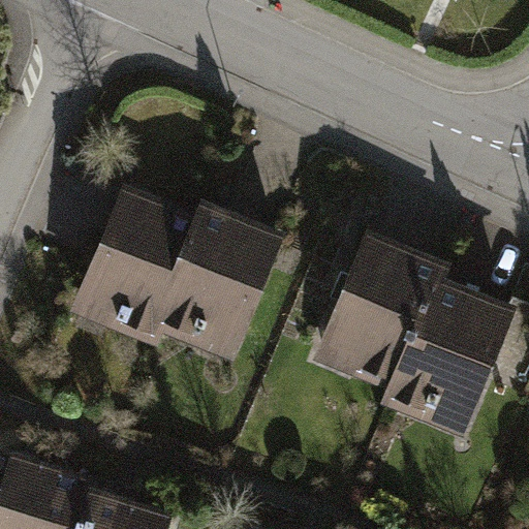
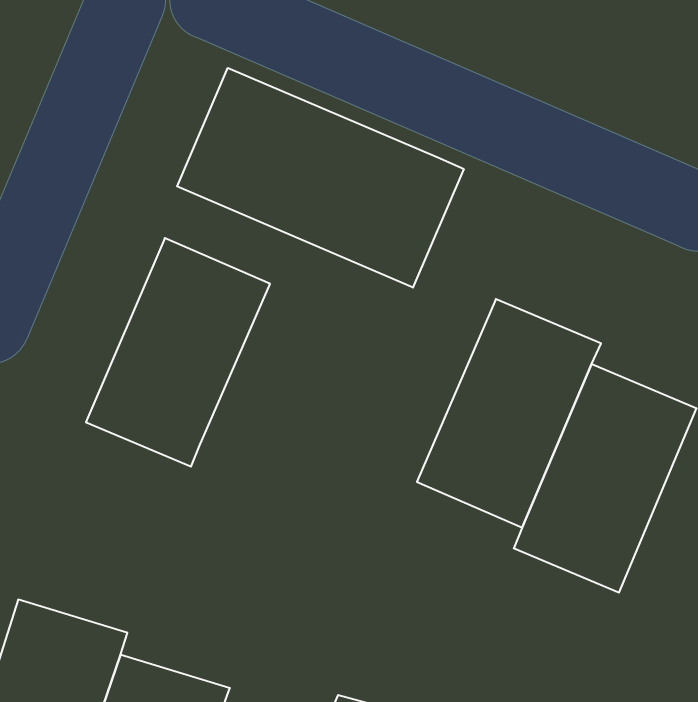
building: none -> [177,68,464,288]
building: [149,200,286,371] -> none

